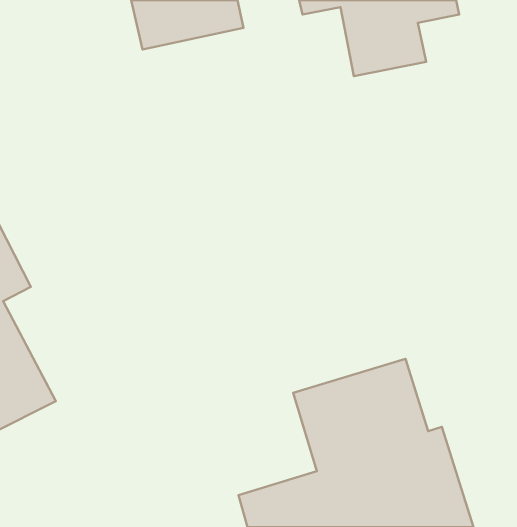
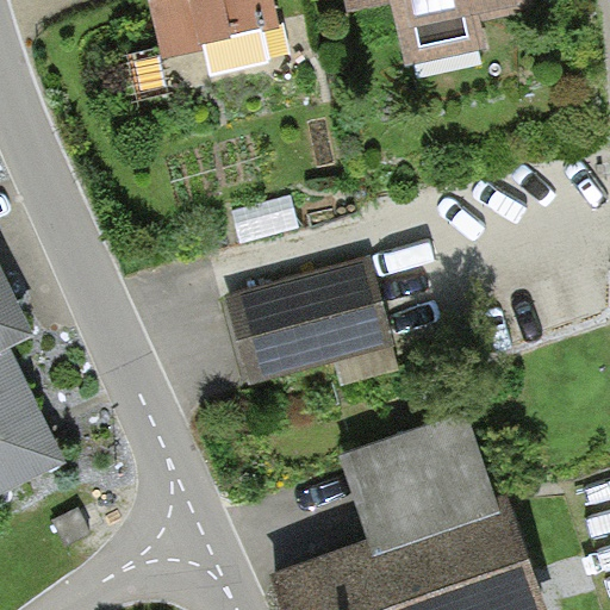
building: none -> [220,255,390,390]

